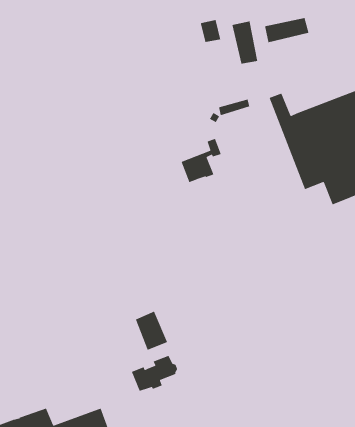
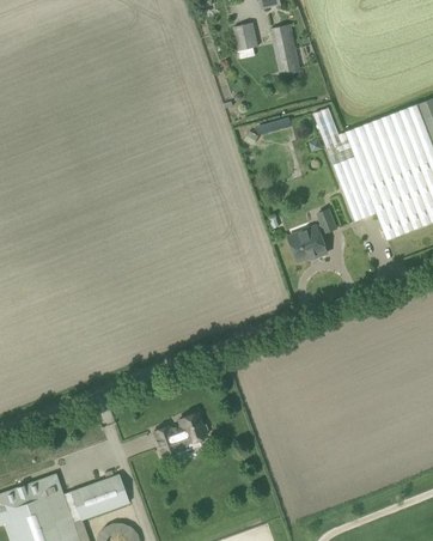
building: [264,17,310,43] -> none
building: [181,138,222,183] -> [288,209,336,262]
building: [135,311,168,351] -> none

